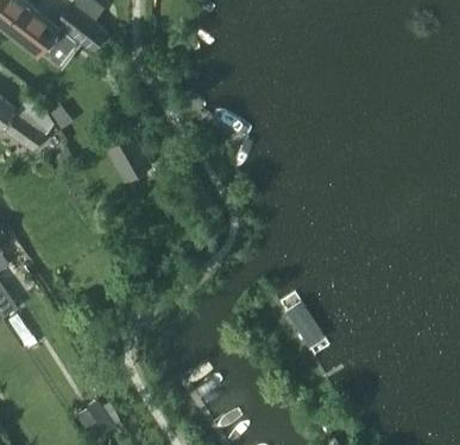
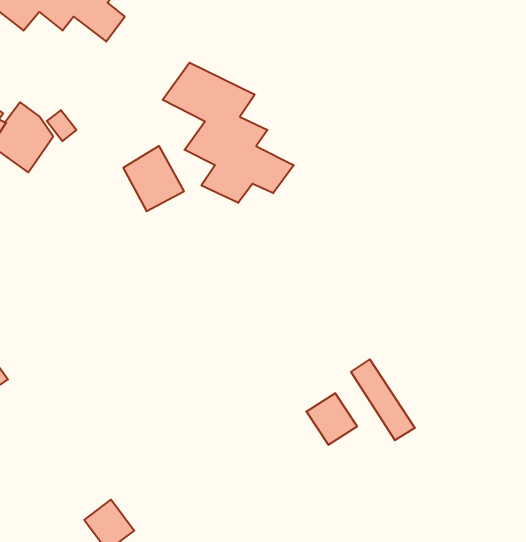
building: none -> [163,63,294,203]
building: none -> [306,393,357,445]

